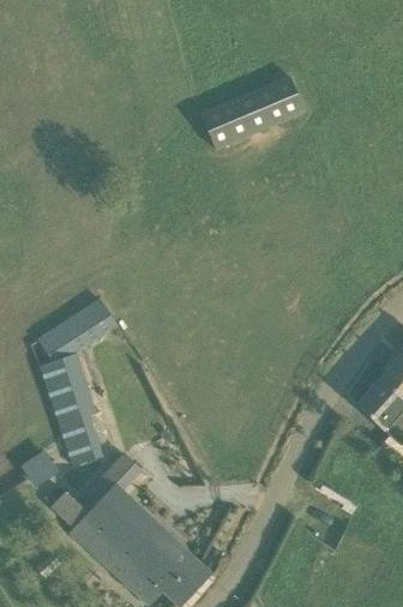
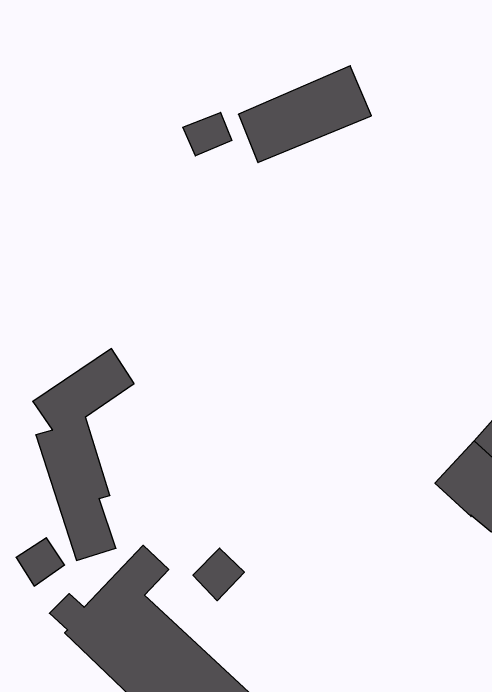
building: none -> [183,112,232,156]
building: none -> [193,548,244,601]

